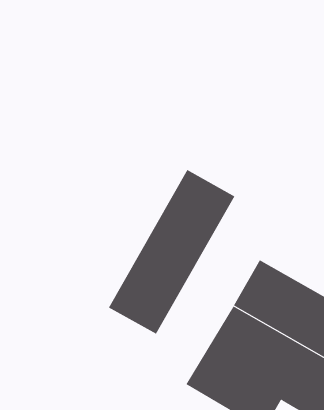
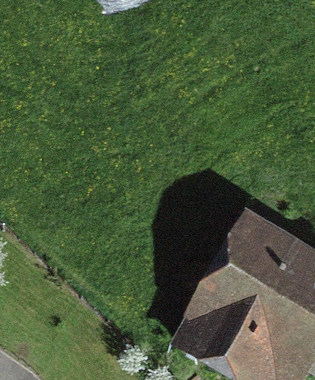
building: [108,169,235,335] -> none

